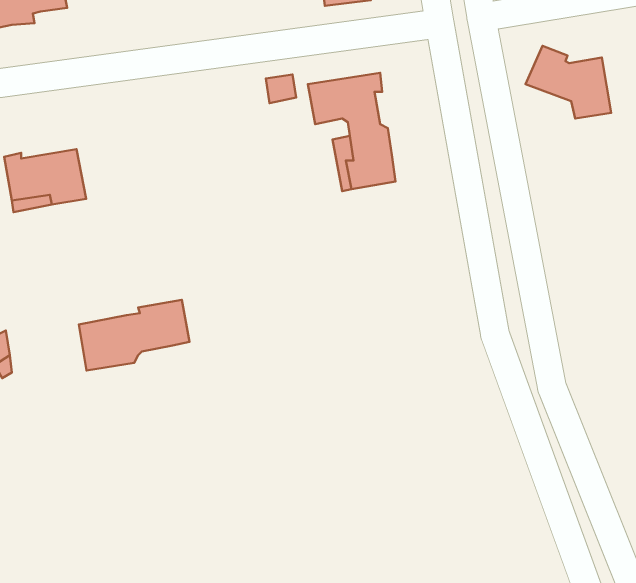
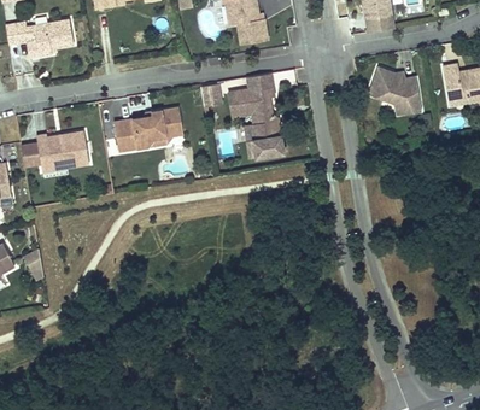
building: [79,300,190,370] -> [112,109,182,153]

